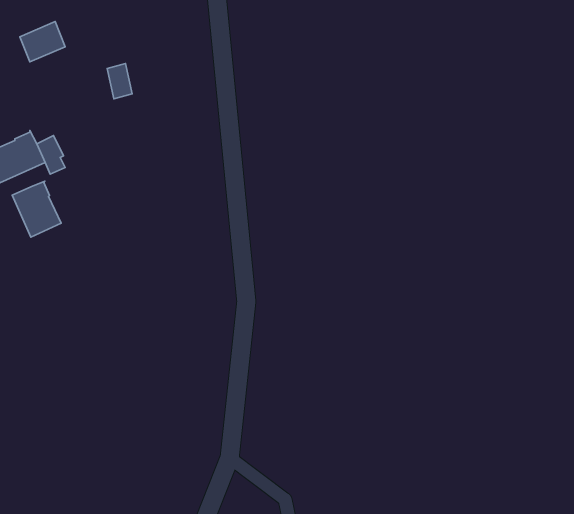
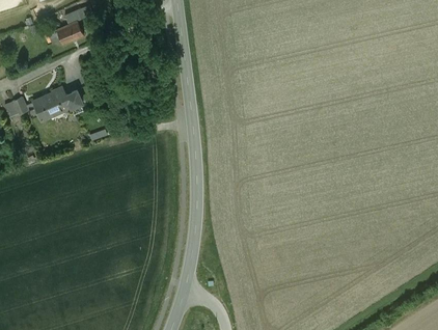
building: [12,181,61,237] -> none

